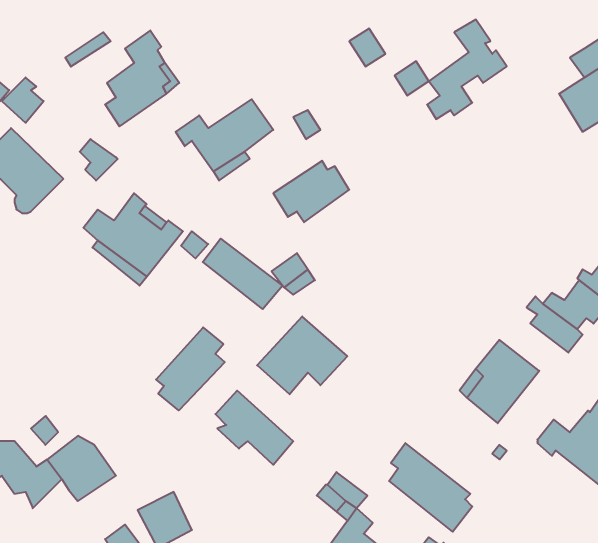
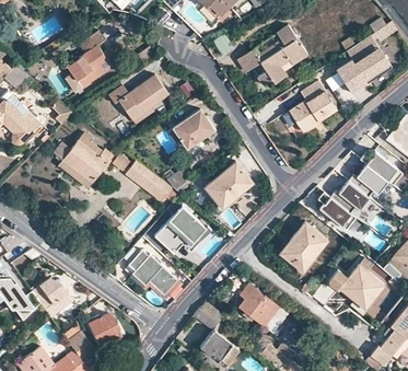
building: none -> [290,90,337,129]
building: none -> [206,162,253,207]
building: [156,327,225,410] -> none

